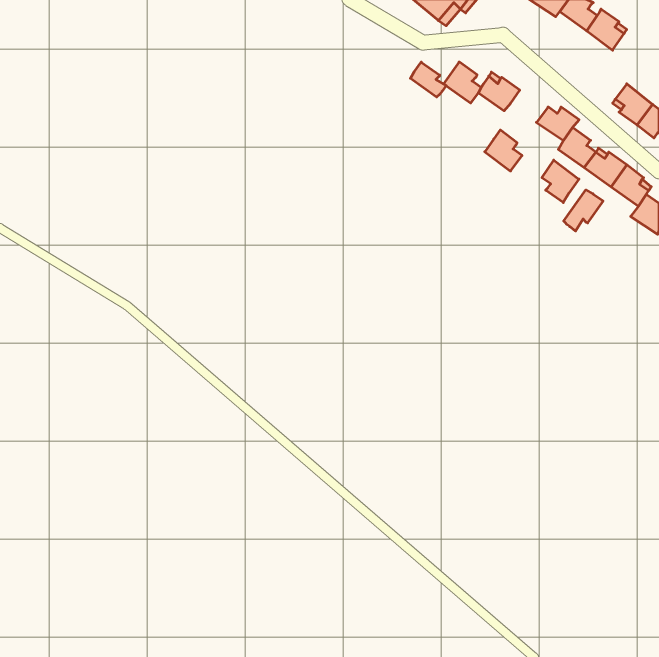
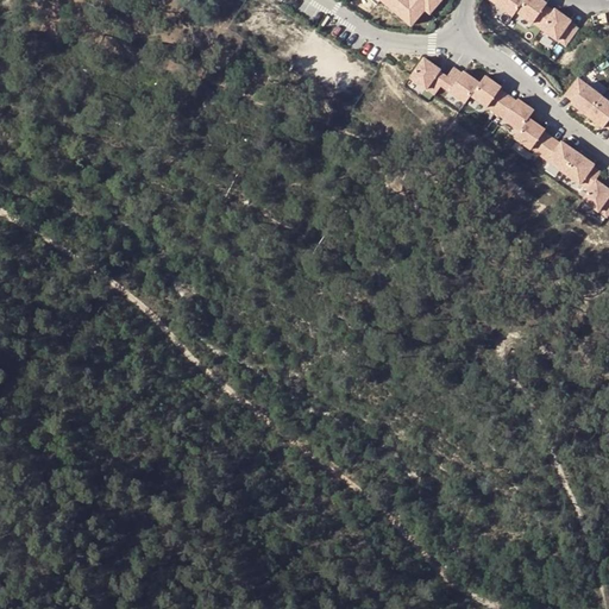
building: [410,62,446,97] -> none
building: [485,130,522,171] -> [471,75,506,113]
building: [542,160,579,203] -> none
building: [564,190,603,231] -> none

